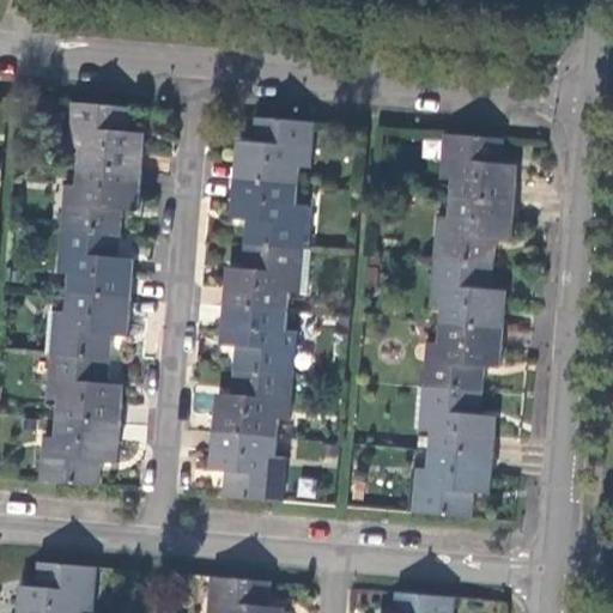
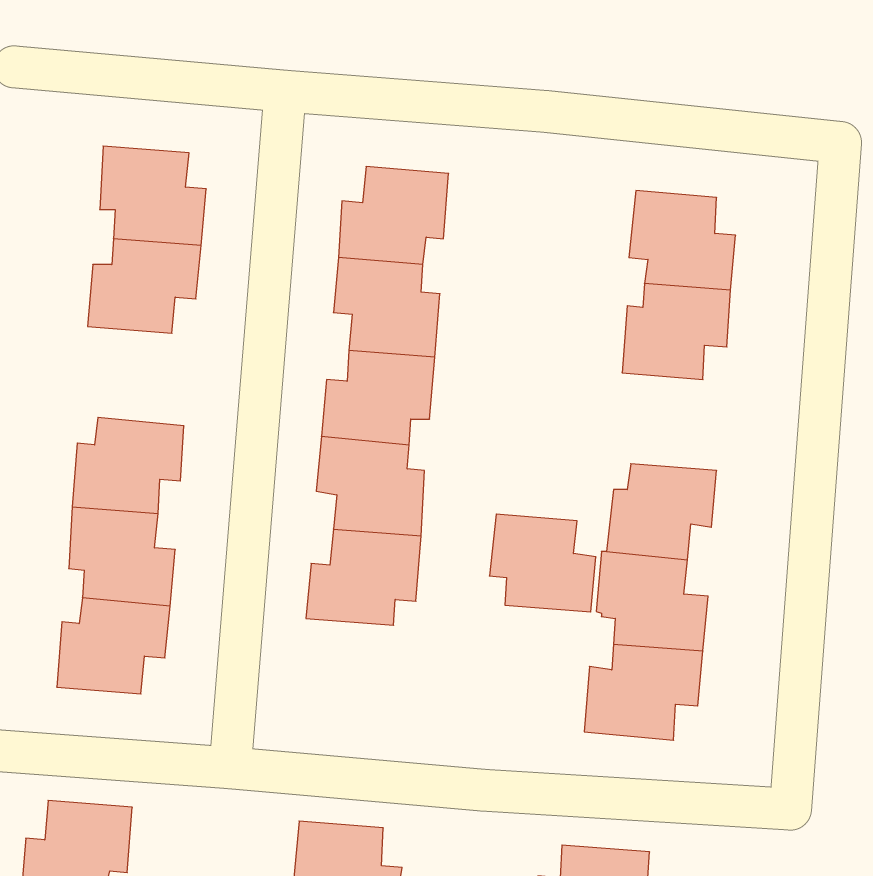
building: [59,229,132,298] -> none
building: [429,261,503,329] -> [489,514,596,612]
building: [210,432,286,500] -> none

